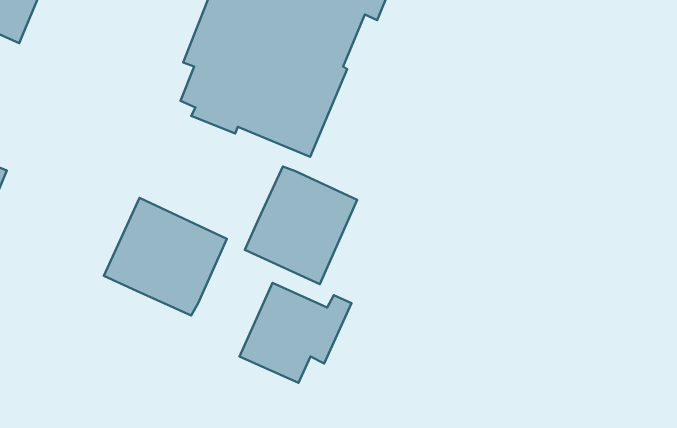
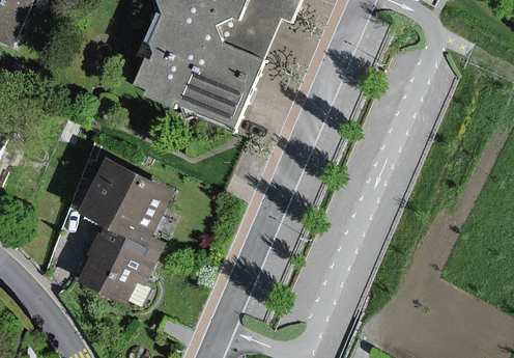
building: [245,167,357,284] -> none
building: [240,283,352,383] -> [79,228,164,304]

